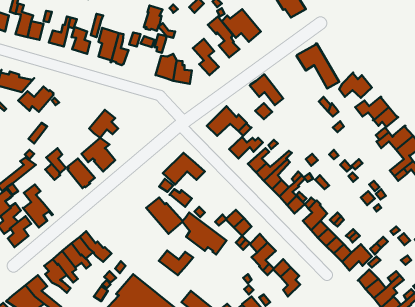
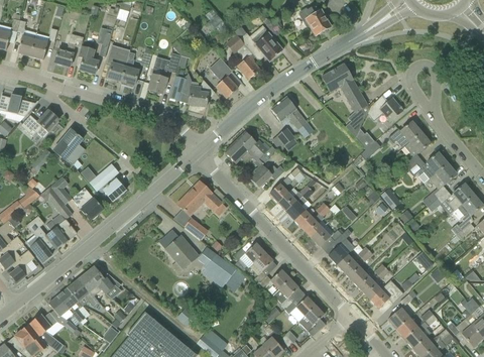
building: [144,6,162,31] -> [147,67,167,94]
building: [89,110,118,138] -> [53,130,85,160]
building: none -> [46,214,76,248]
building: [159,250,193,275] -> none

